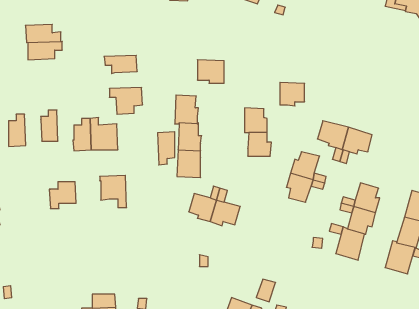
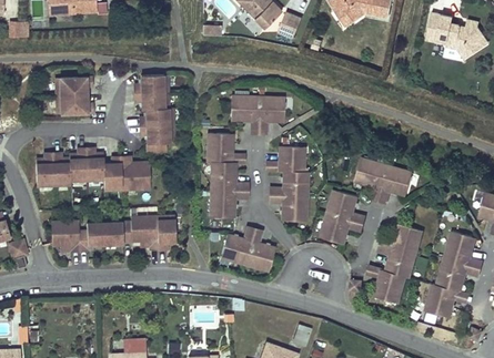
building: [25,24,61,43] -> [56,95,92,114]
building: none -> [134,75,168,93]
building: none -> [140,108,173,126]
building: [280,82,305,106] -> [259,98,284,122]
building: none -> [85,147,103,181]
building: none -> [52,153,71,185]
building: [158,132,175,165] -> [157,215,174,249]
building: none -> [282,196,306,222]
building: none -> [51,221,79,252]
building: none -> [104,222,131,245]

